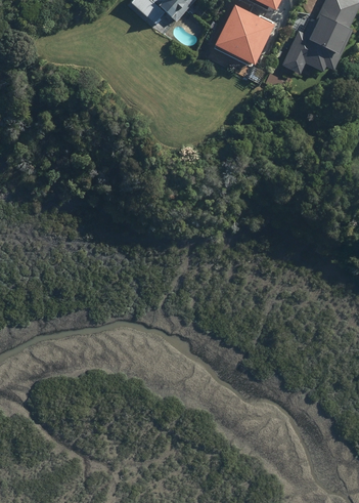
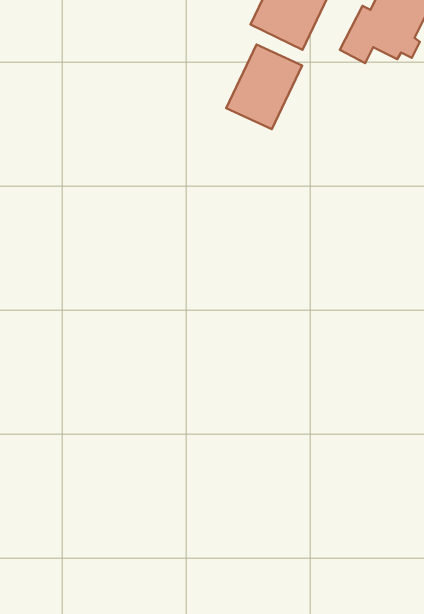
building: none -> [226,44,302,129]

